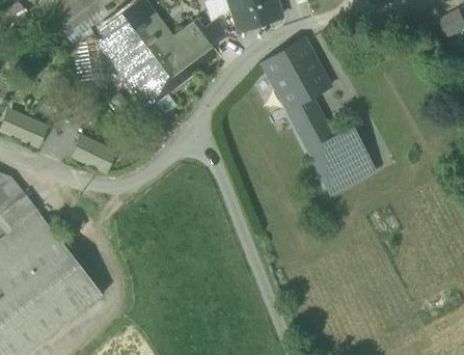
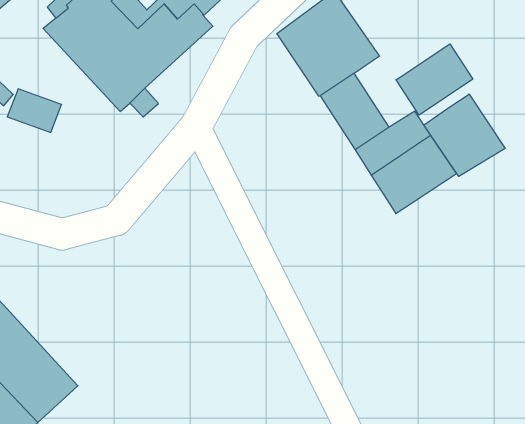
building: none -> [396,44,473,115]
building: none -> [424,94,505,176]
building: [74,138,112,170] -> [7,89,62,132]

